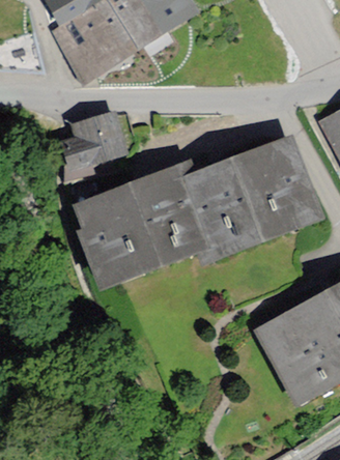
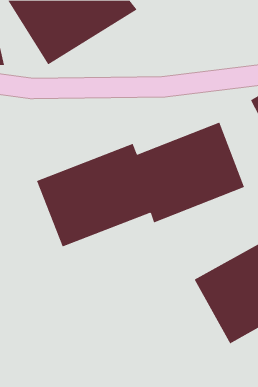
building: [57,115,129,181] -> none

